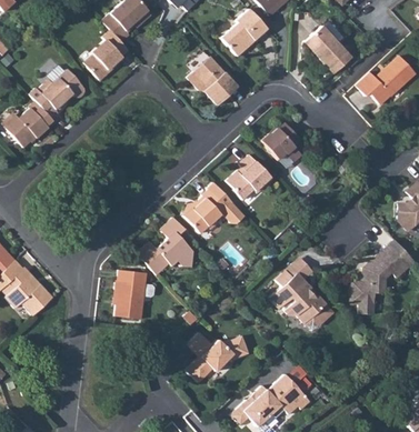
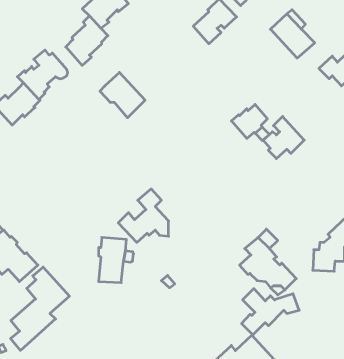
building: [187,57,236,106] -> [100,72,145,118]
building: [228,154,272,200] -> [263,116,304,159]
building: [184,182,246,233] -> none
building: none -> [11,267,69,350]
building: [186,333,248,383] -> [242,289,299,335]

